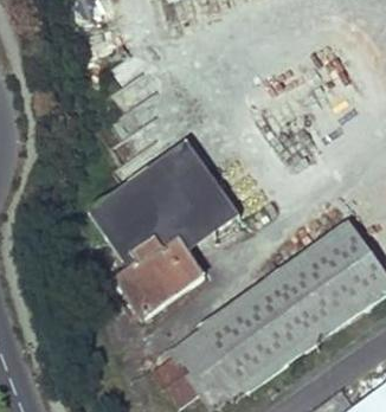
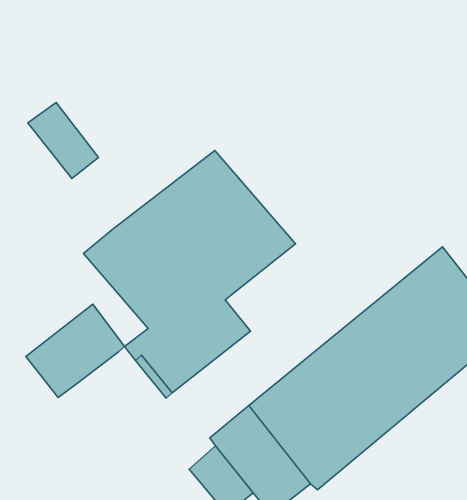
building: none -> [28,102,99,178]
building: none -> [26,304,125,398]

